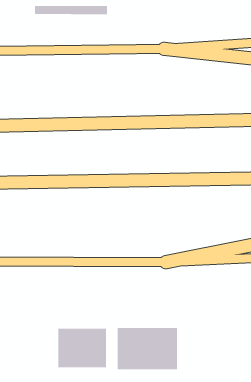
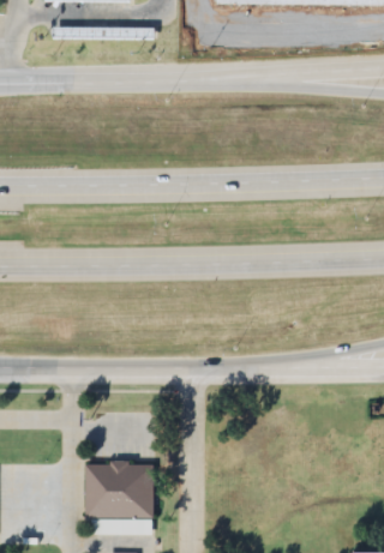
building: [117,327,178,370] -> none

